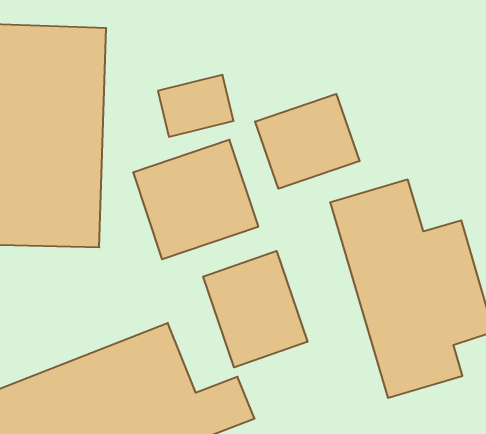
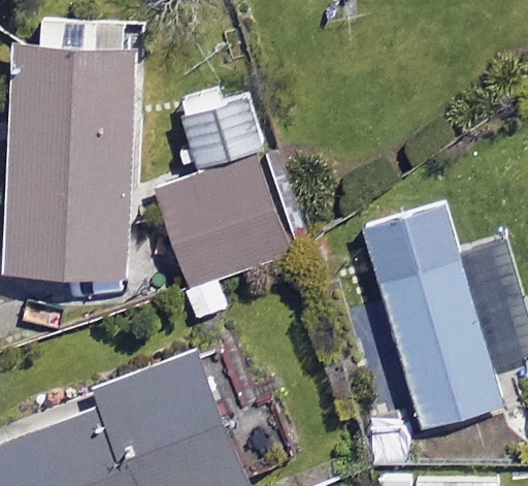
building: [255,94,360,189] -> none
building: [203,251,307,367] -> none

